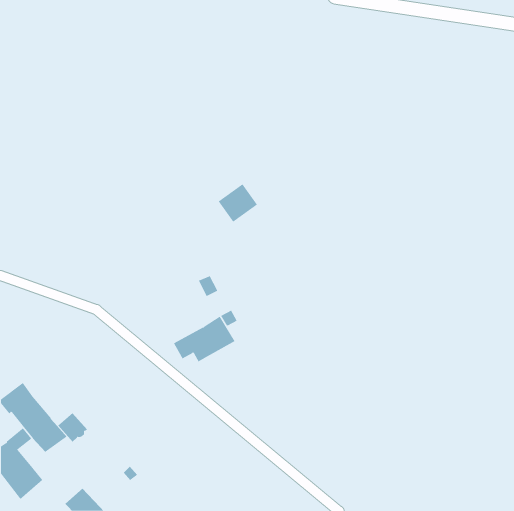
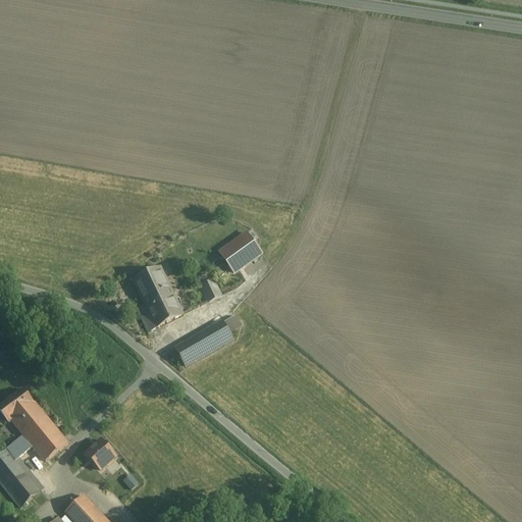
building: [218,183,258,223] -> [220,231,261,271]
building: none -> [134,266,182,330]
building: [58,412,88,443] -> [86,438,116,469]

